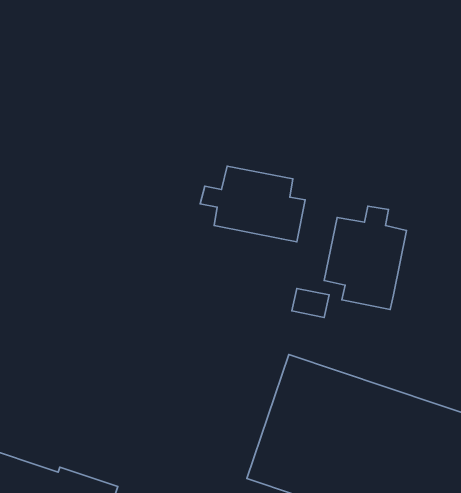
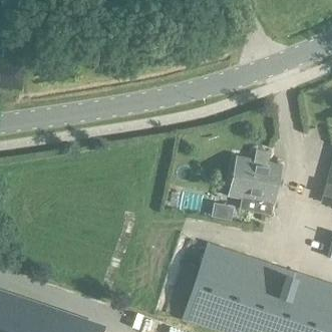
building: [200,166,305,242] -> none

